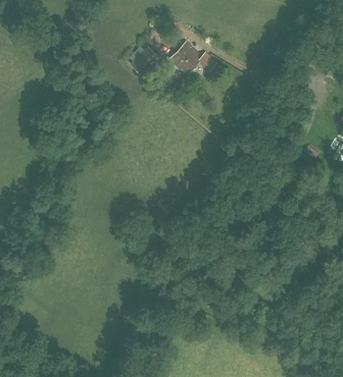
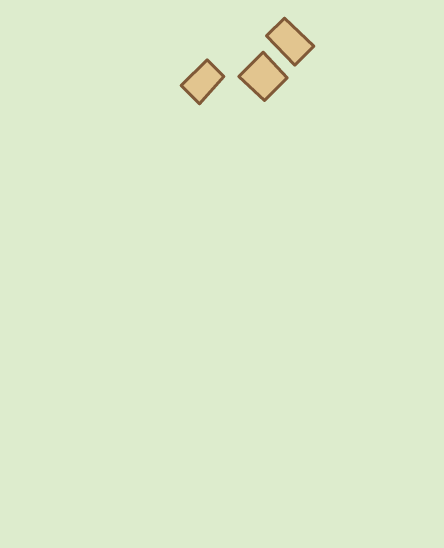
building: none -> [267,18,314,65]

